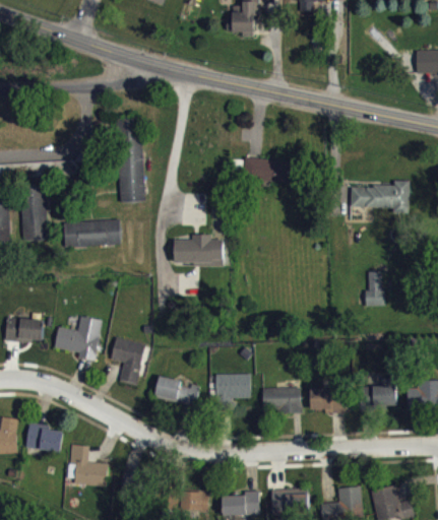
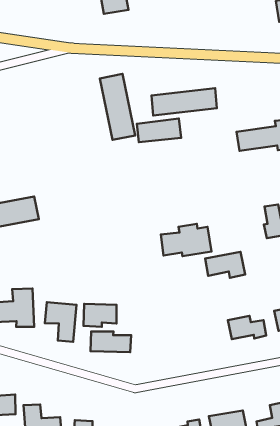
building: none -> [151,88,217,115]
building: [117,131,145,201] -> [100,74,135,140]
building: [171,234,224,266] -> [161,224,212,256]
building: none -> [83,304,116,327]
building: [216,374,251,398] -> none
building: [261,387,302,413] -> [205,252,245,278]

